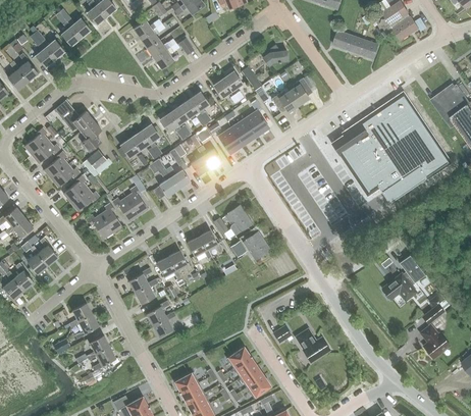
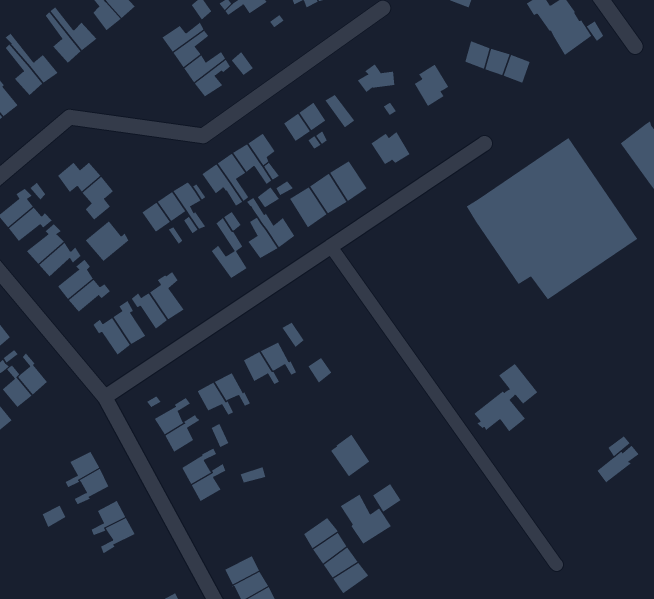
building: [289,77,312,106] -> [414,64,449,107]
building: [148,158,178,197] -> none
building: [224,206,252,235] -> none
building: [243,231,269,260] -> [330,434,370,477]
building: [381,255,424,301] -> [474,363,538,432]
building: [420,325,449,358] -> none
building: [295,328,329,362] -> [340,494,392,545]

